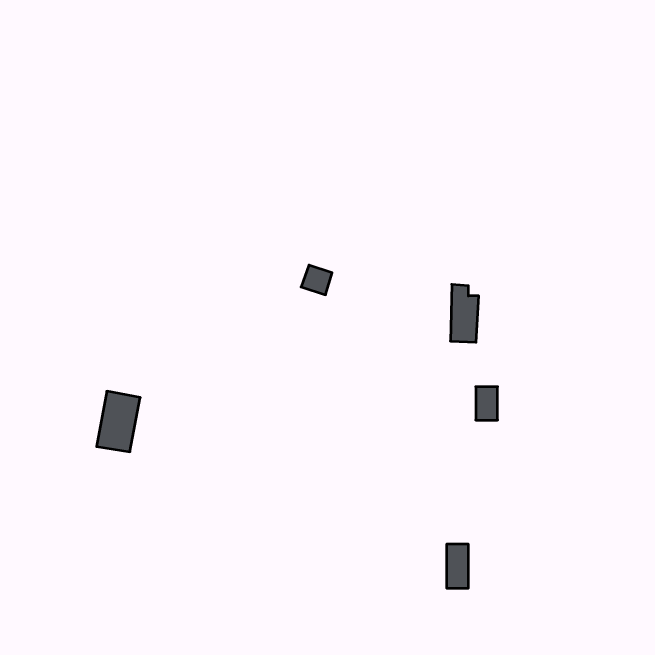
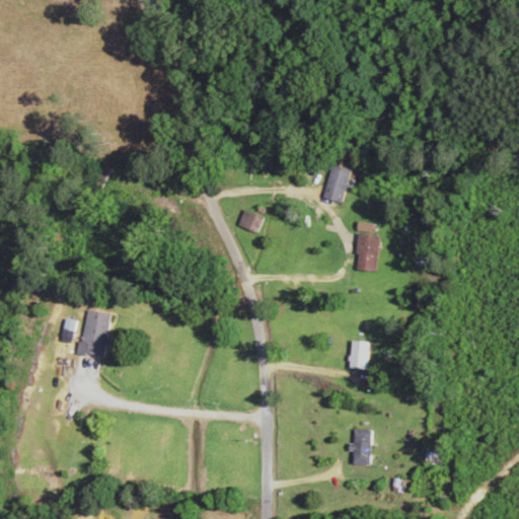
building: none -> [322,163,352,202]
building: [476,387,498,420] -> [351,341,368,367]

